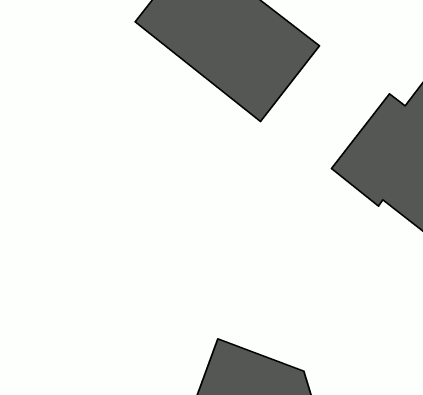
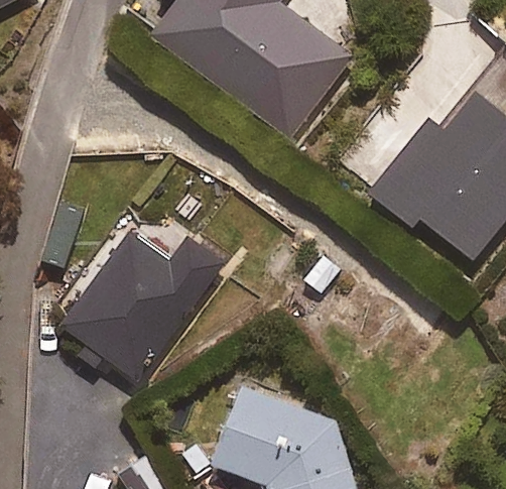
building: none -> [61,230,226,377]

